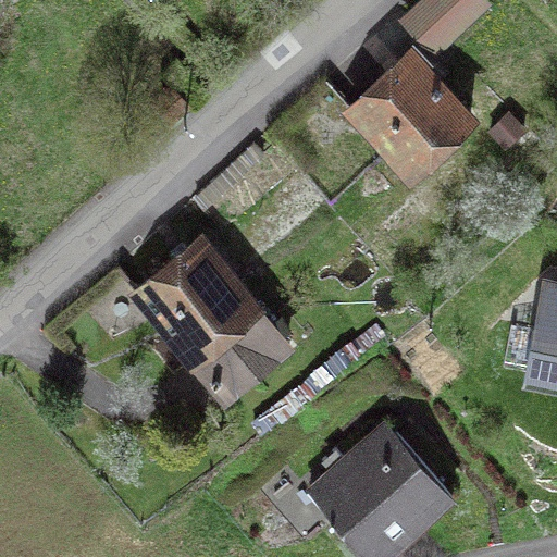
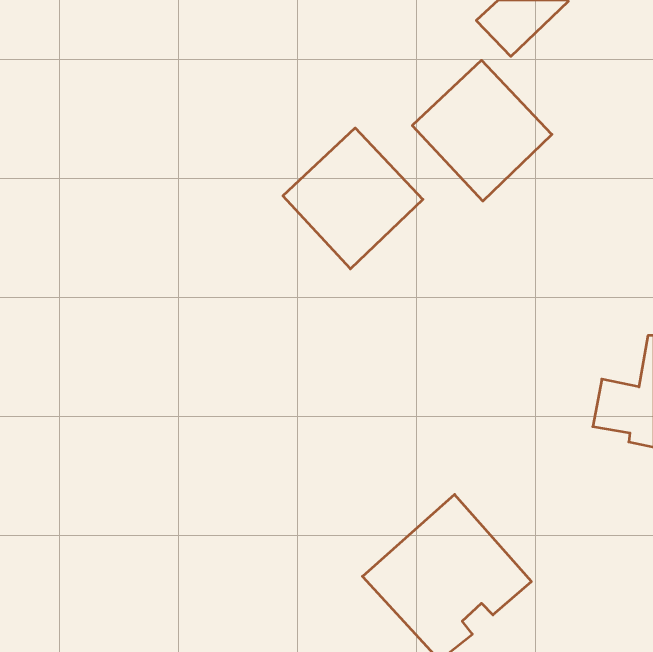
building: none -> [283,128,423,269]
building: [137,239,288,397] -> none

